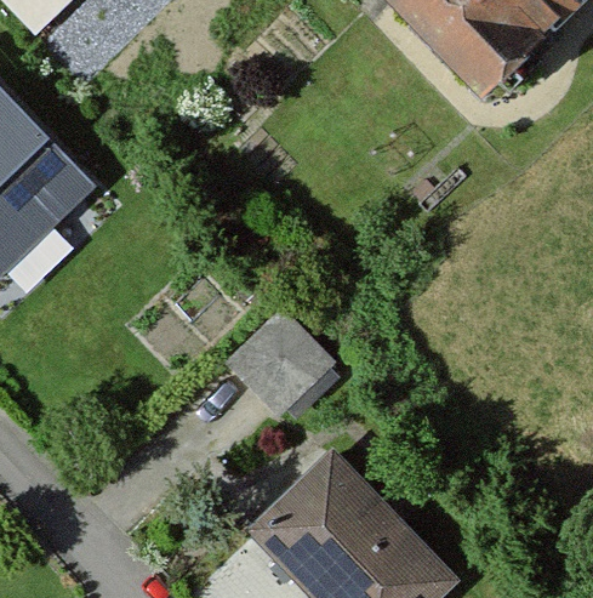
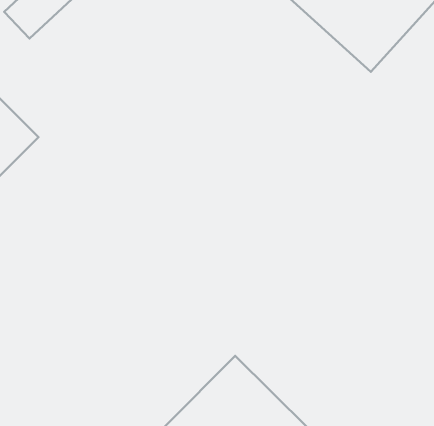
building: [219,292,341,414] -> none

